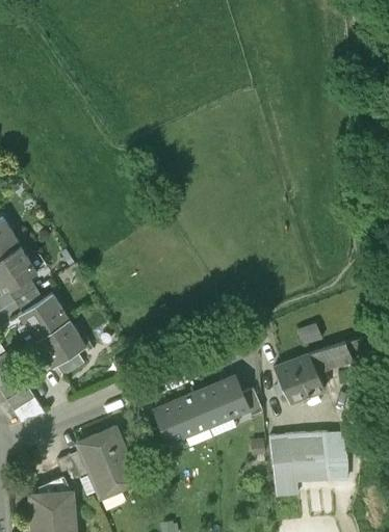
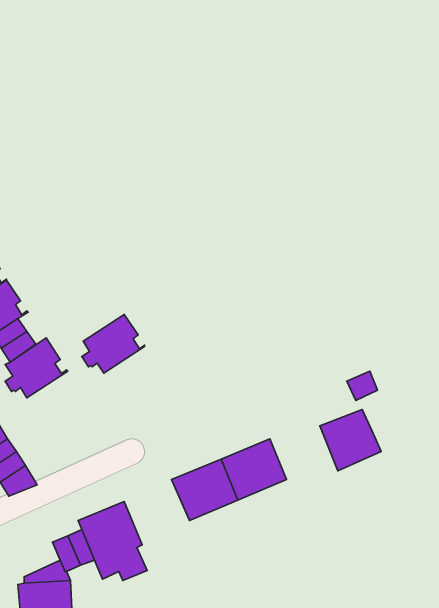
building: [35,321,86,369] -> [82,314,145,373]
building: [309,338,352,370] -> none
building: [270,425,349,497] -> none

